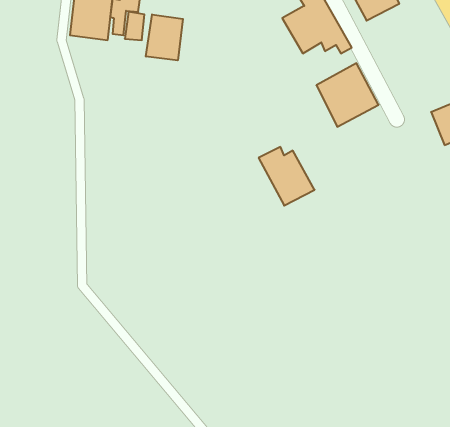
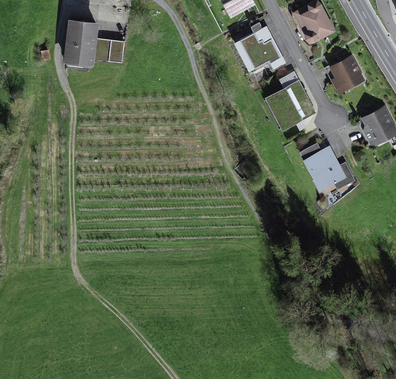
building: [146,14,183,60] -> none
building: none -> [326,57,363,95]
building: [259,147,315,206] -> [301,144,347,192]

